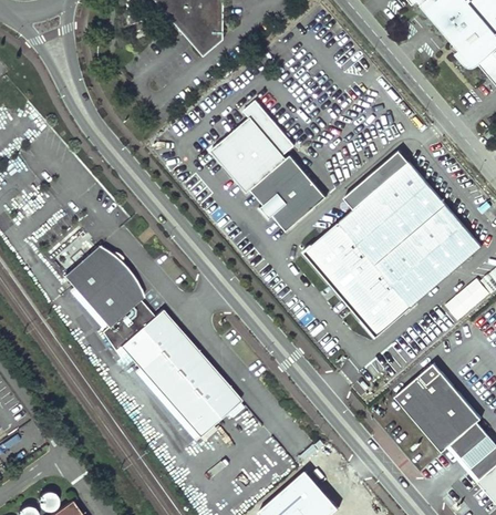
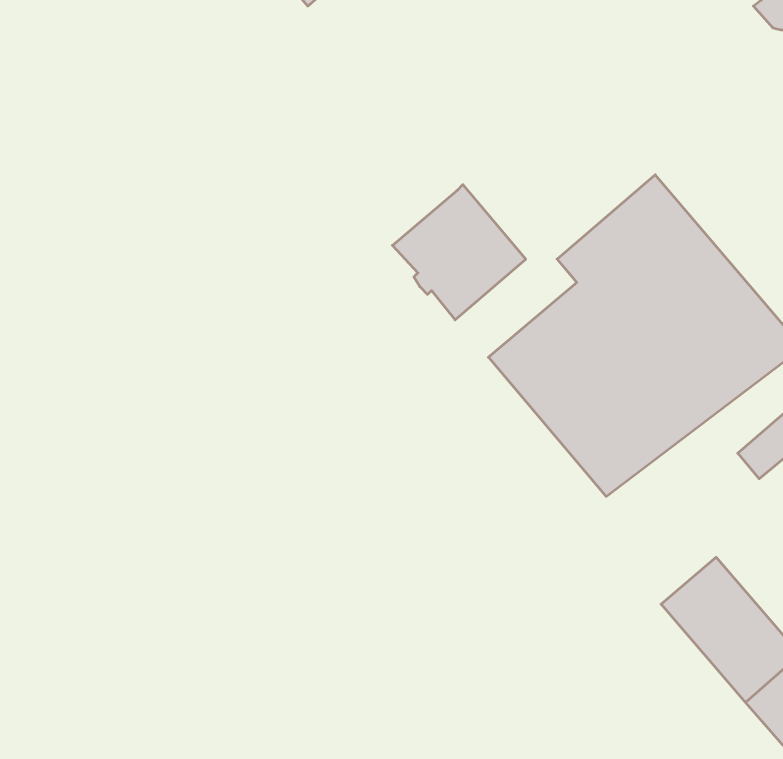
building: [211,99,294,190] -> none
building: [64,247,242,436] -> none

